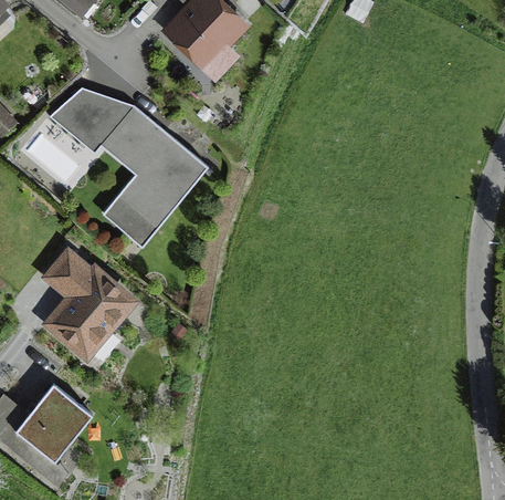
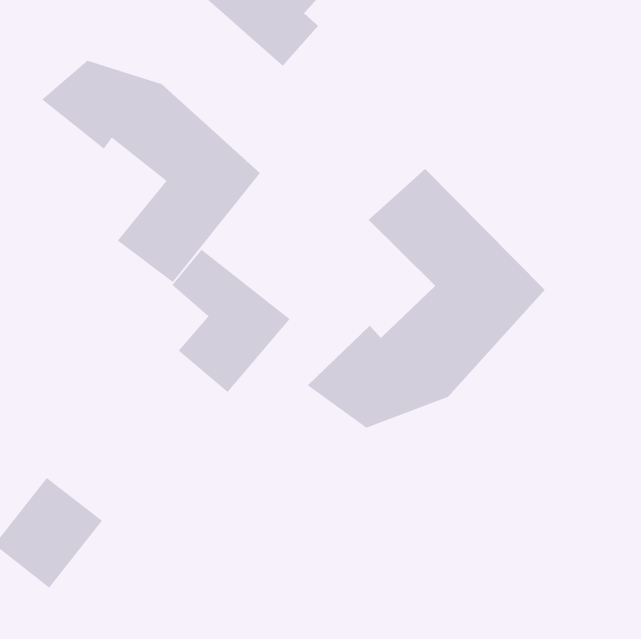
building: none -> [307,168,546,428]
building: [45,248,129,350] -> [172,249,291,393]

